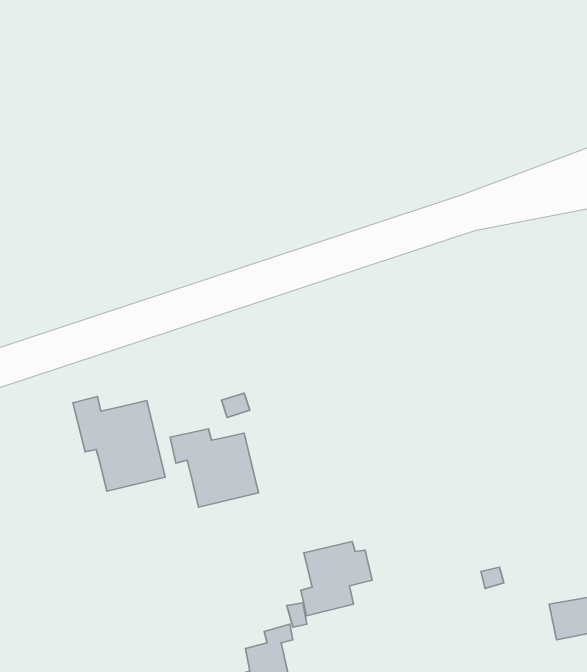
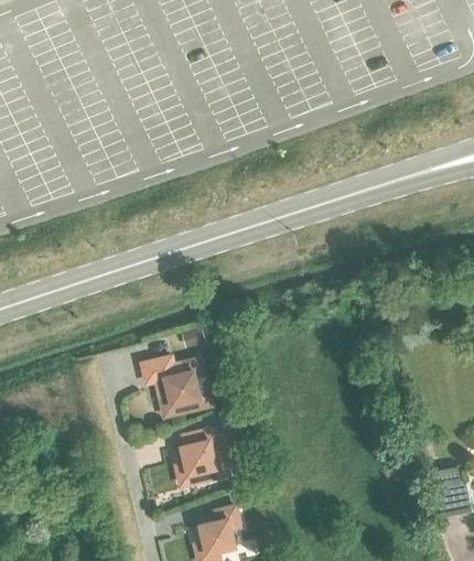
building: [73,396,165,491] -> none
building: [301,542,372,616] -> [175,427,230,484]

